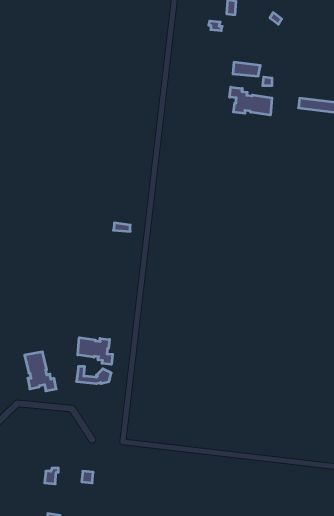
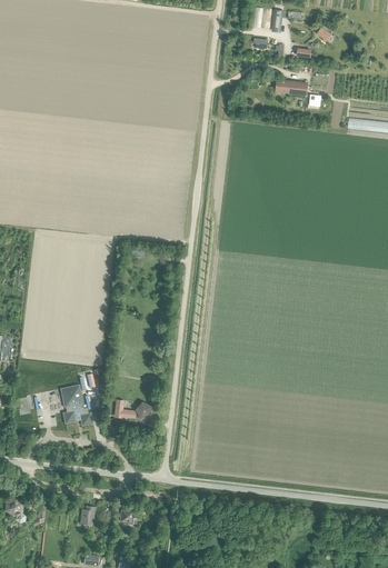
building: [230,87,272,115] -> none
building: [78,338,113,364] -> none

